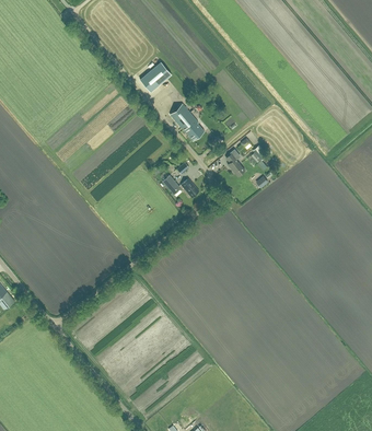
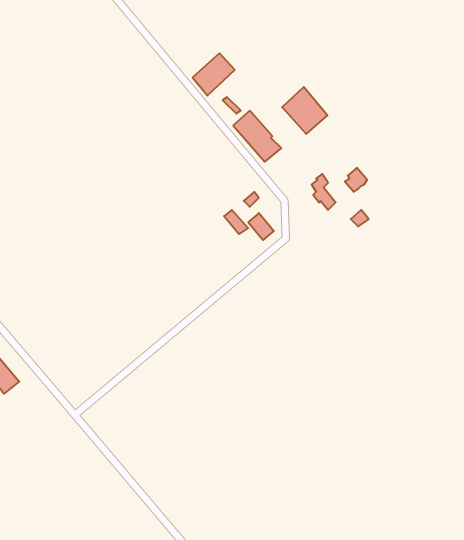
building: none -> [282,87,327,134]

